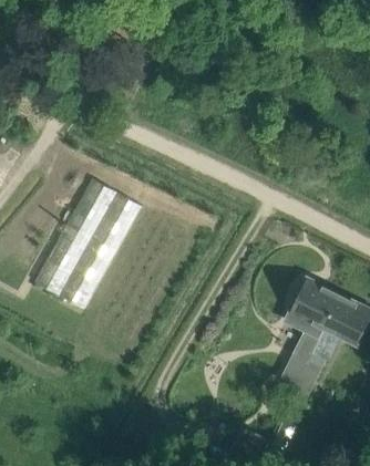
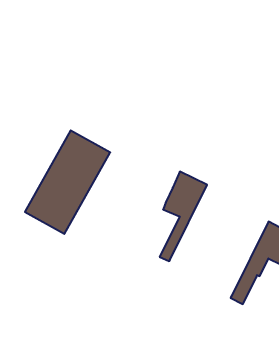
building: [280,276,340,389] -> [160,172,207,261]

